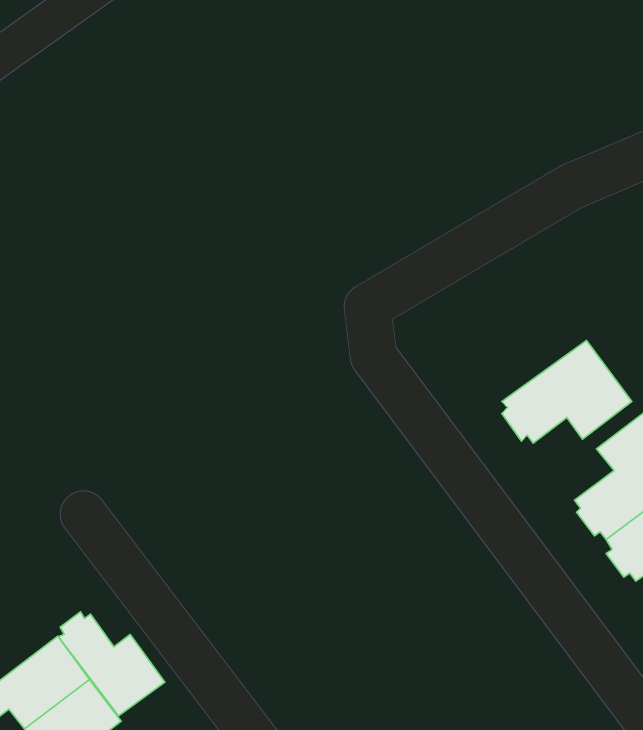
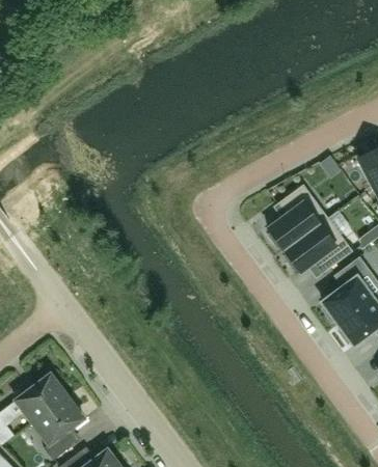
building: none -> [268,185,329,251]
building: [58,612,165,716] -> none

